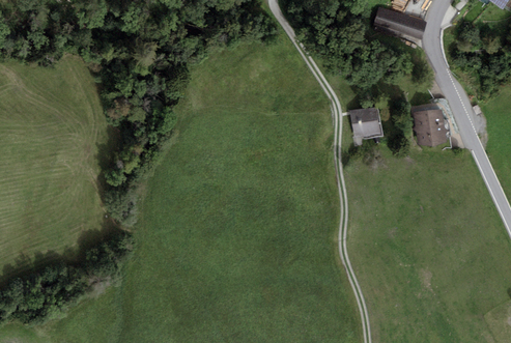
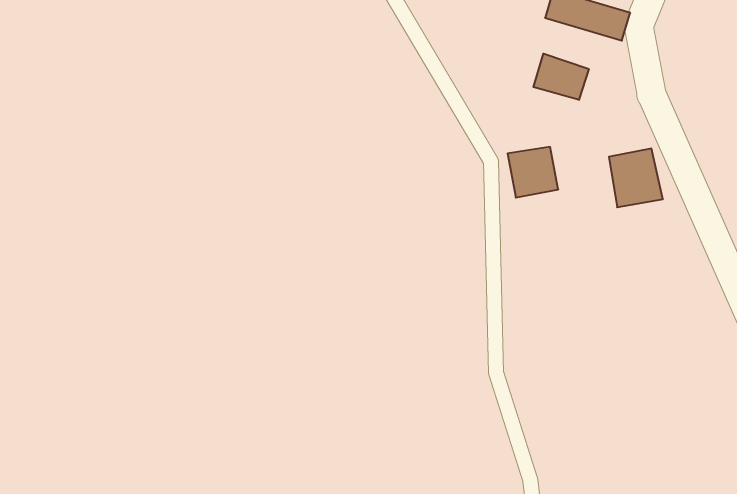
building: none -> [533,54,589,100]

